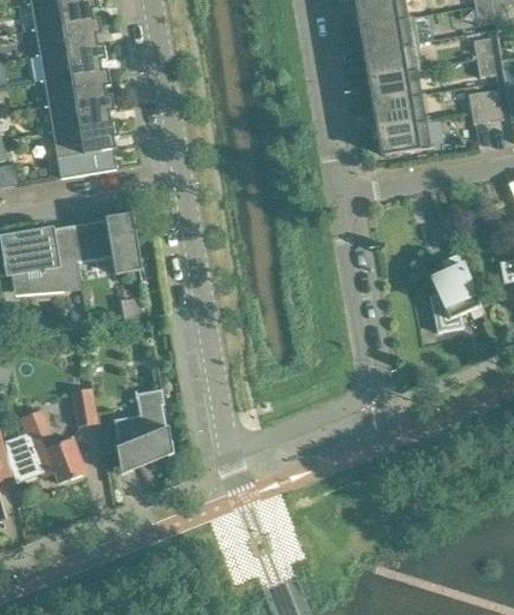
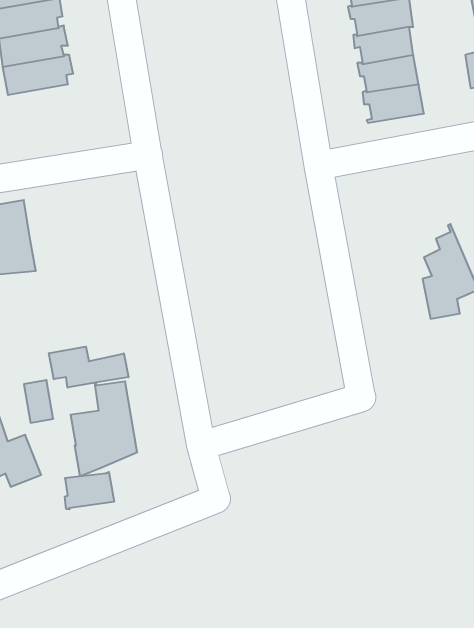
building: [55,119,118,177] -> none
building: [70,211,141,274] -> none
building: none -> [49,347,128,388]
building: none -> [65,472,114,509]

